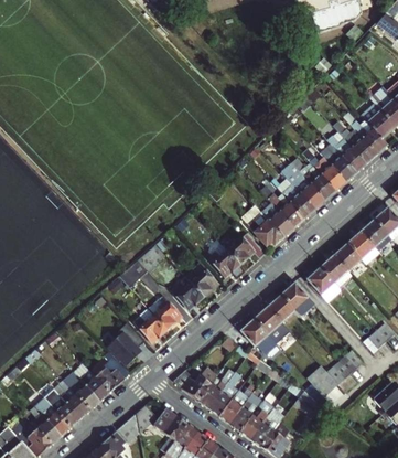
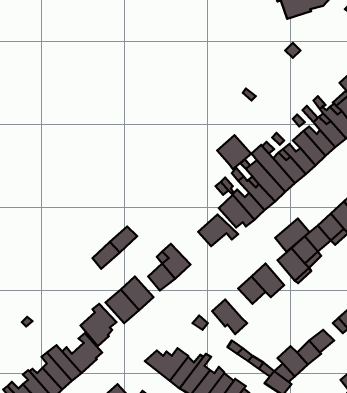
building: none -> [217,135,251,169]
building: none -> [275,218,309,252]
building: [206,237,240,277] -> none
building: [255,307,284,337] -> none

